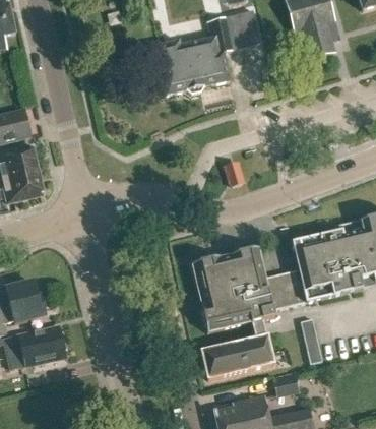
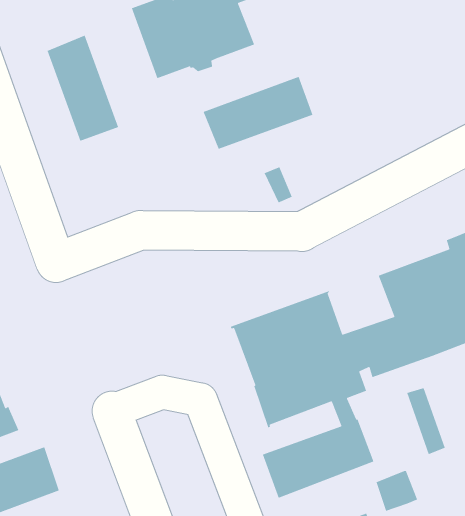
building: none -> [47,35,119,142]
building: none -> [202,76,314,150]

